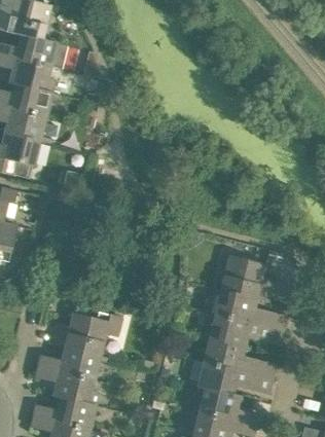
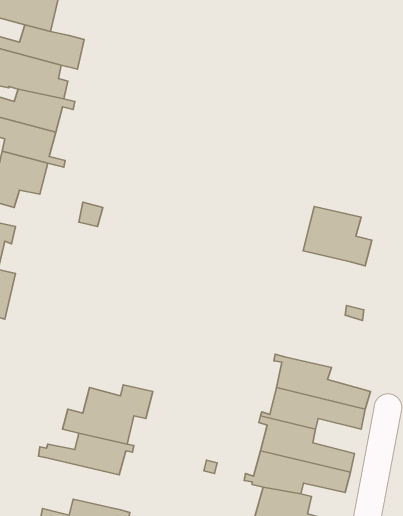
building: [220,256,273,301] -> [303,207,372,266]
building: [34,367,98,407] -> none

